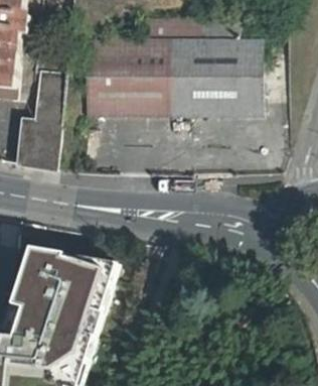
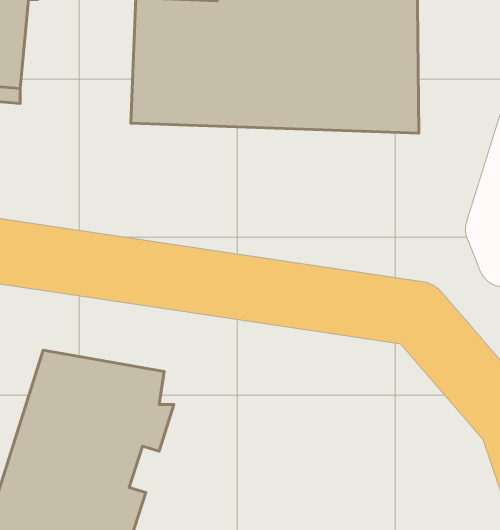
building: [15,70,63,169] -> none

